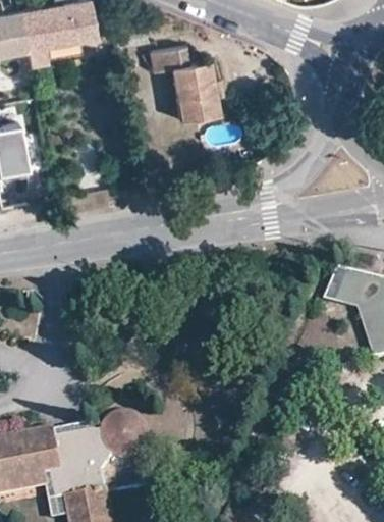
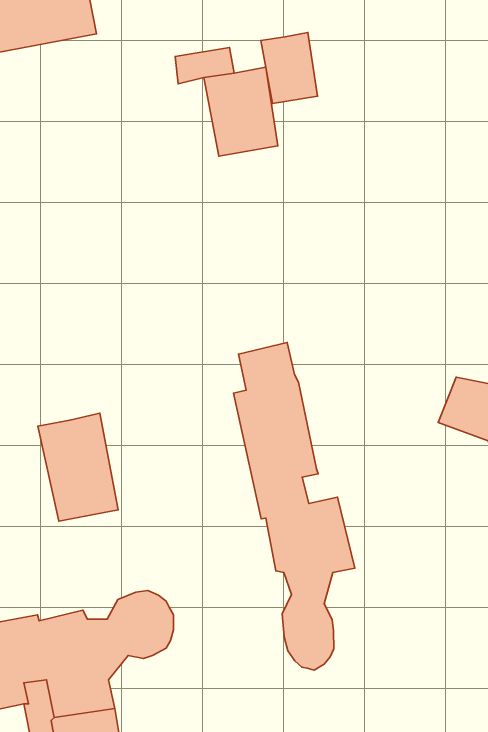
building: none -> [261,33,317,103]
building: none -> [234,342,355,670]
building: none -> [38,413,118,521]

